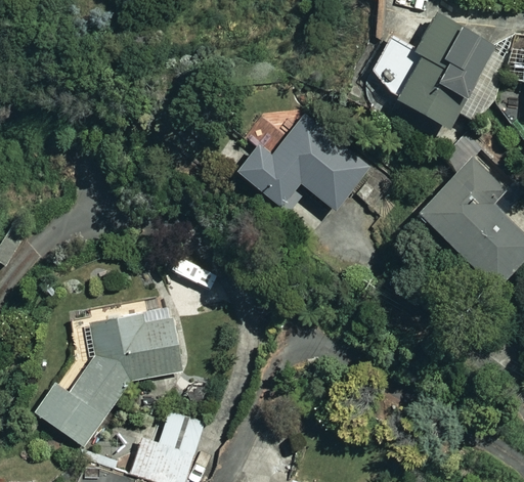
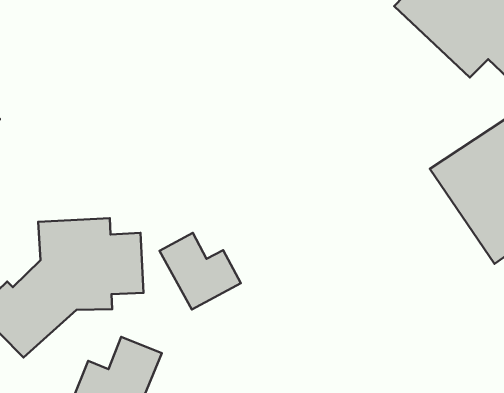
building: [231,113,368,217] -> none
building: none -> [159,233,241,310]

